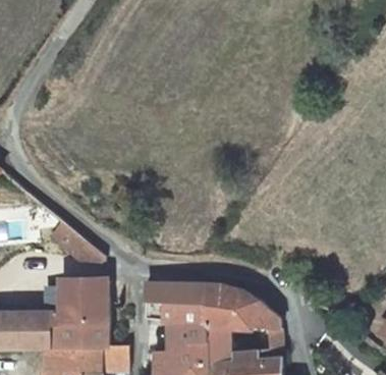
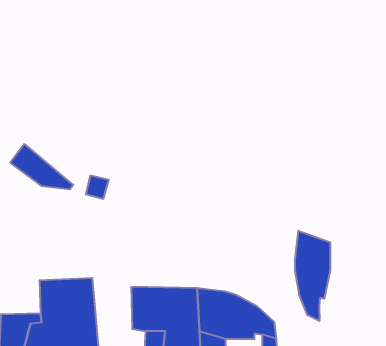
building: [48,223,106,265] -> [10,144,73,189]
building: none -> [295,231,330,321]

